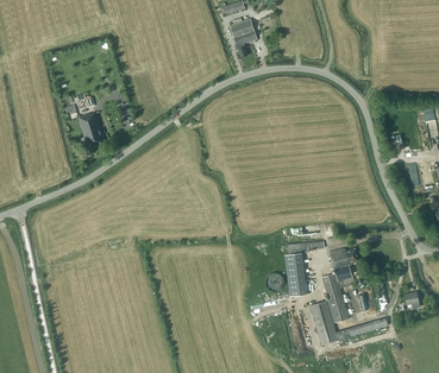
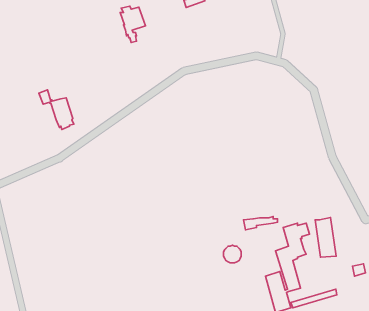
building: [230,18,257,57] -> [120,6,145,42]
building: [284,253,307,296] -> [315,218,336,257]

